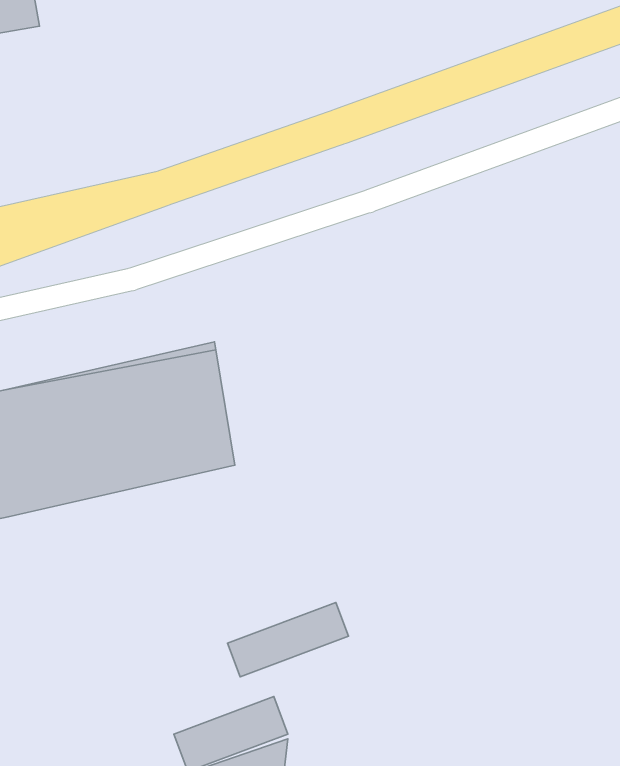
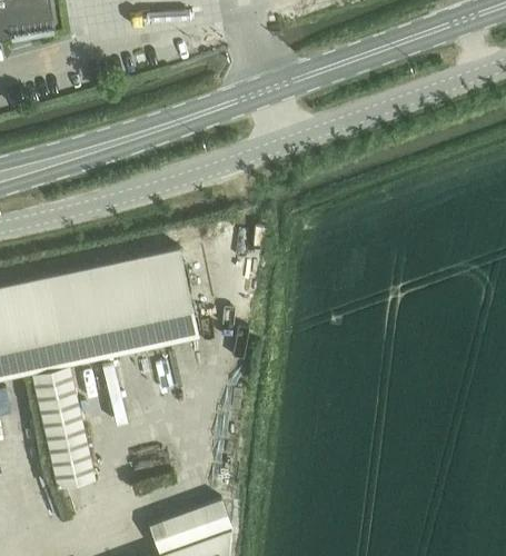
building: none -> [32,366,95,488]
building: [228,603,349,677] -> none

